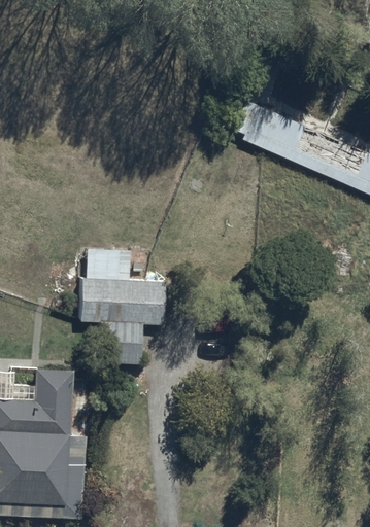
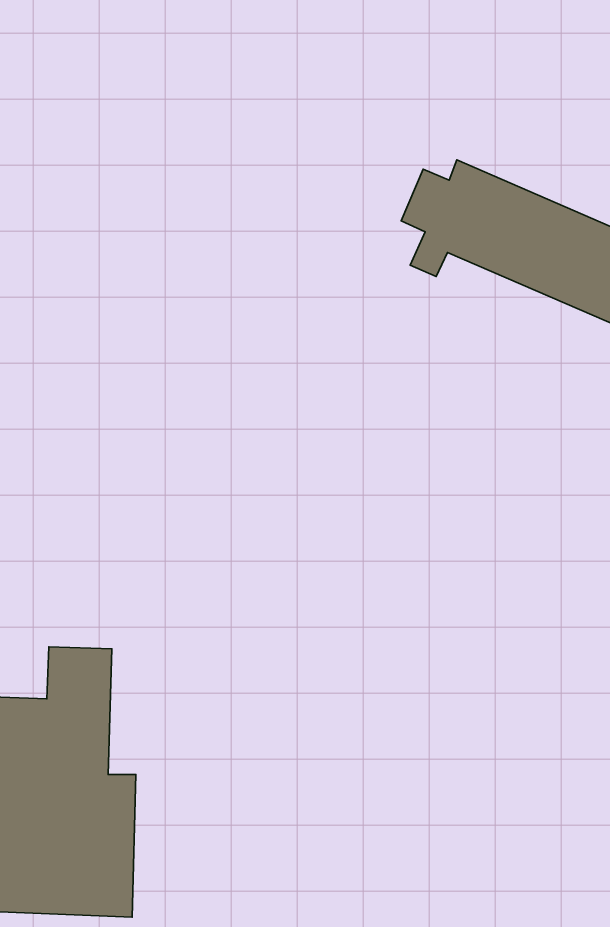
building: [79,251,165,365] -> none

